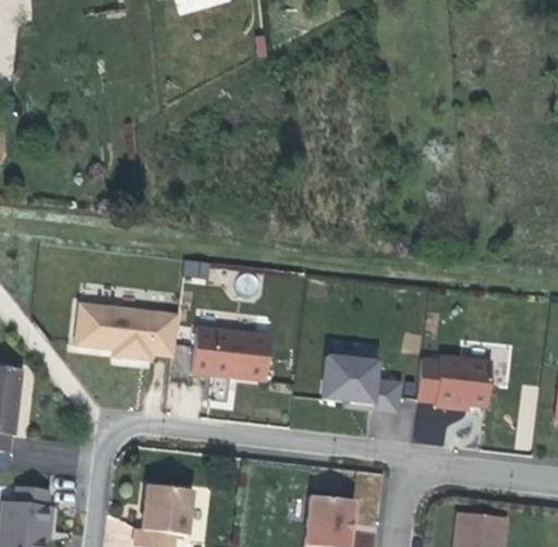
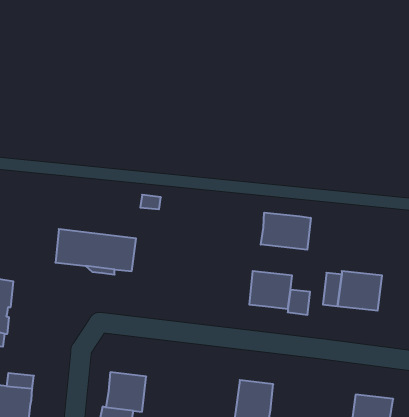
building: none -> [261,213,311,250]
building: [191,327,270,380] -> none

